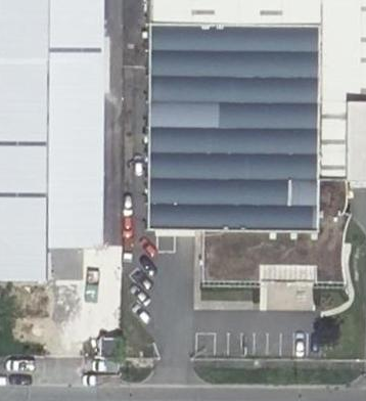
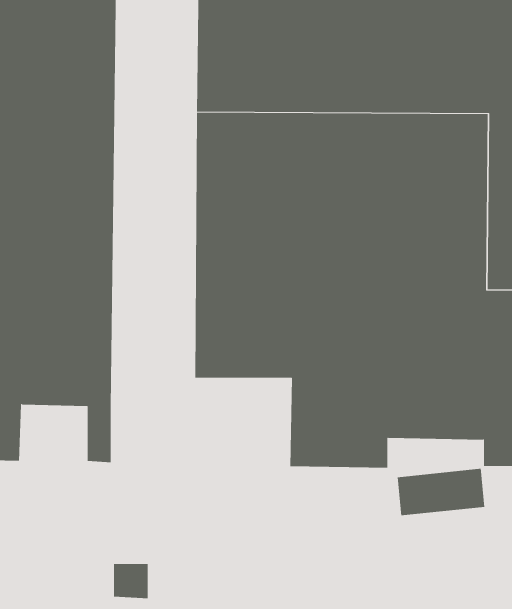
building: [47,242,86,275] -> none

